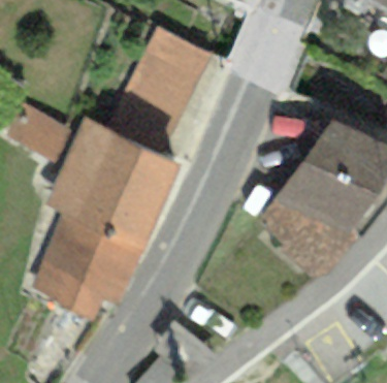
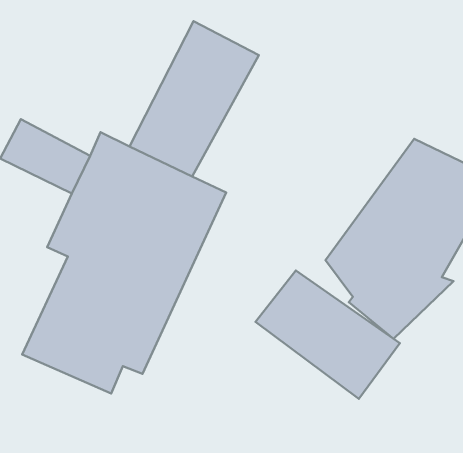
building: none -> [256,271,400,399]

